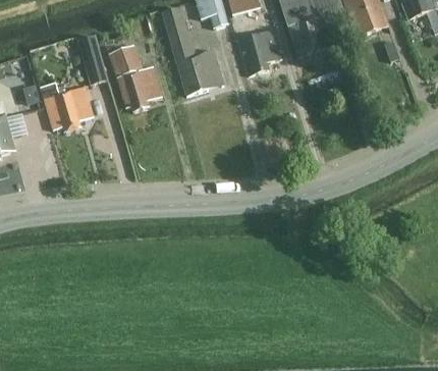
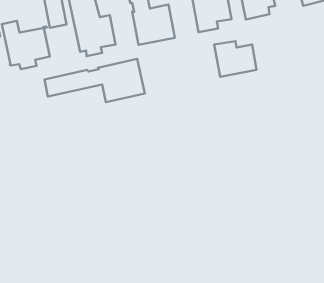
building: none -> [214,41,257,77]
building: none -> [45,59,145,102]

